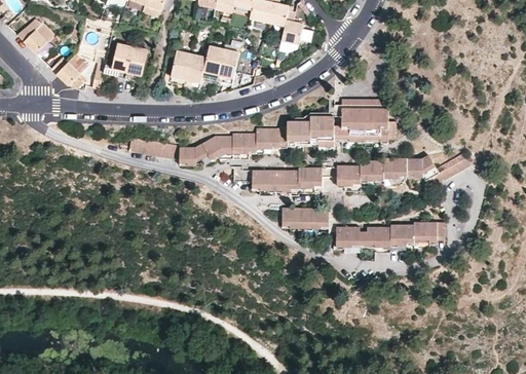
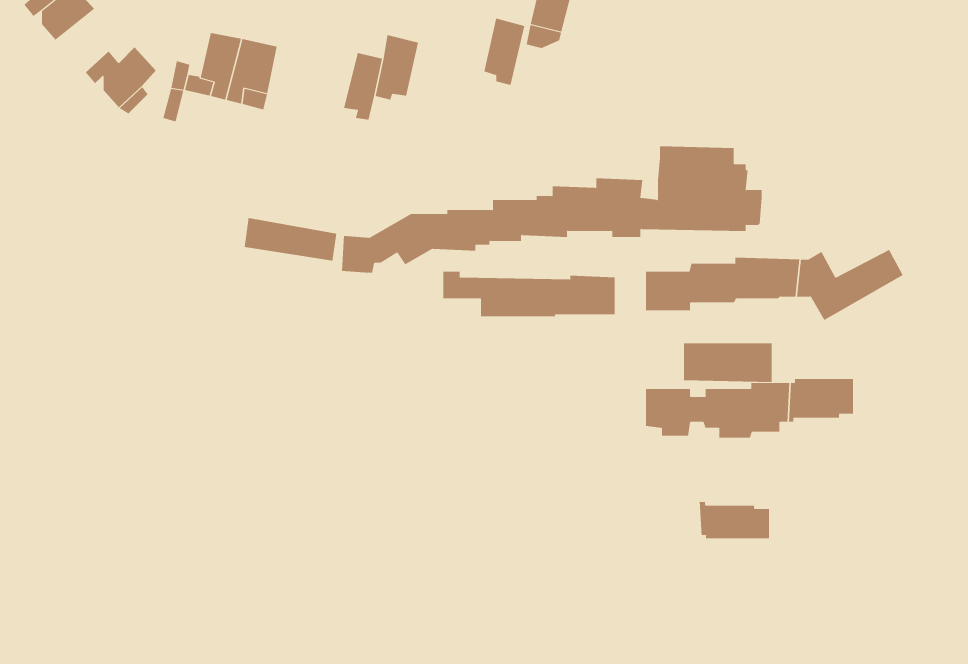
building: [216,47,237,82] -> [483,18,525,85]
building: [167,49,190,83] -> none
building: [285,207,331,227] -> [683,343,773,382]
building: none -> [699,501,770,539]

